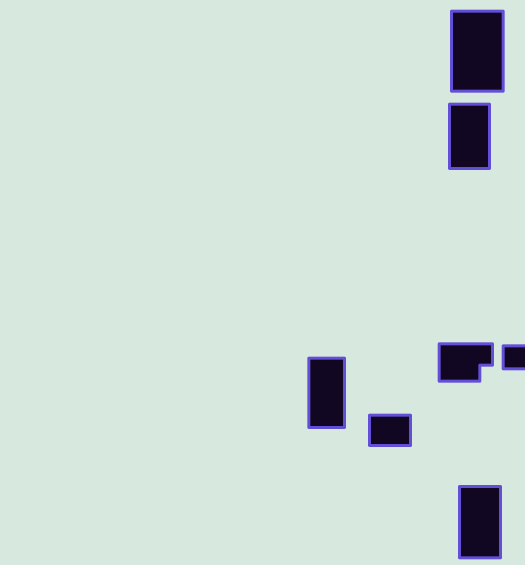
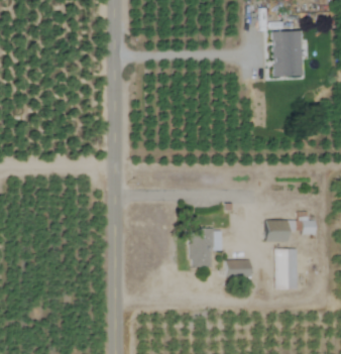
building: [450,104,490,169] -> none
building: [460,487,501,558] -> [276,248,300,288]

